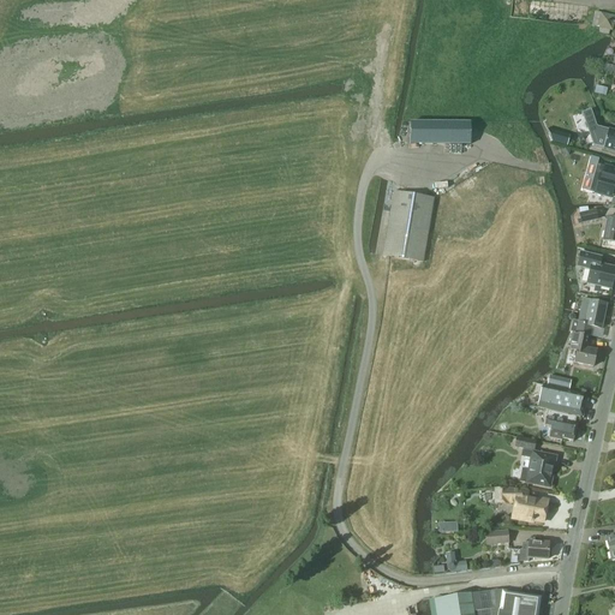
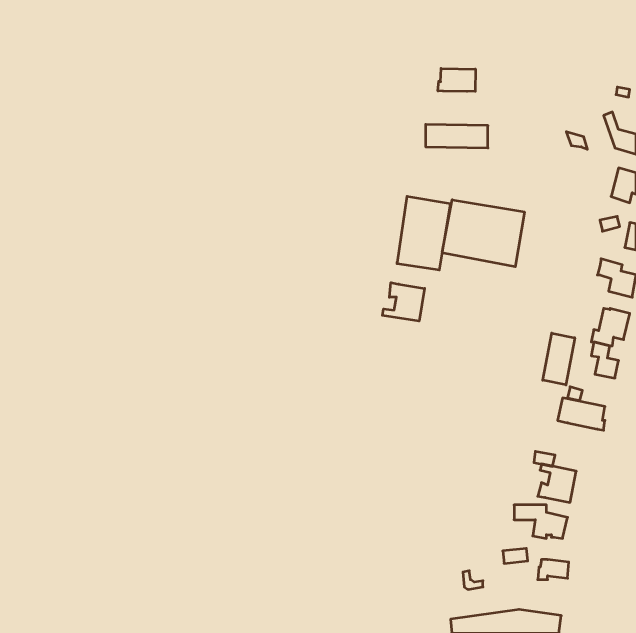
building: none -> [438,68,475,91]
building: none -> [442,200,524,267]
building: none -> [382,283,425,321]
building: none -> [543,333,575,385]
building: [545,408,578,440] -> none

